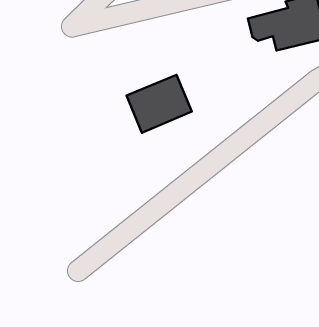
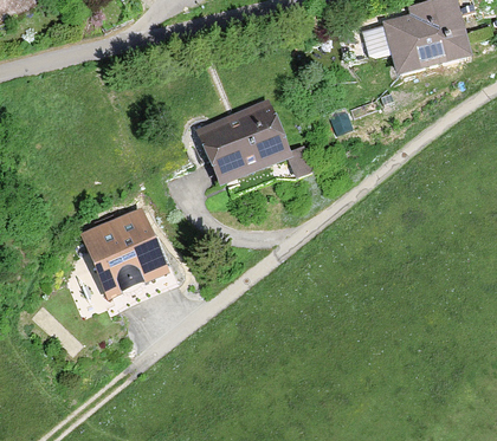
building: none -> [85,214,175,301]

